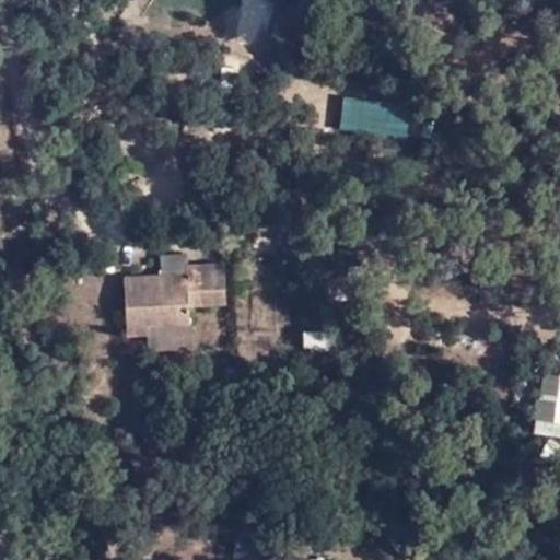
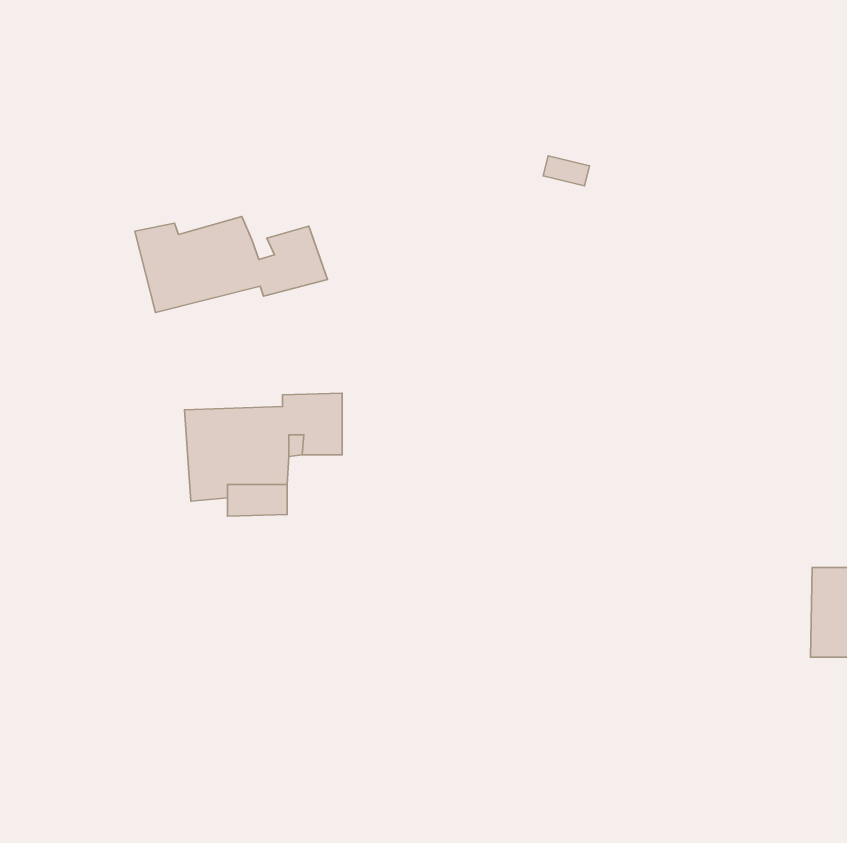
building: none -> [135,217,327,313]

